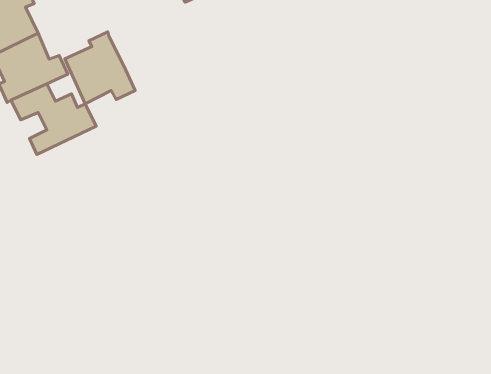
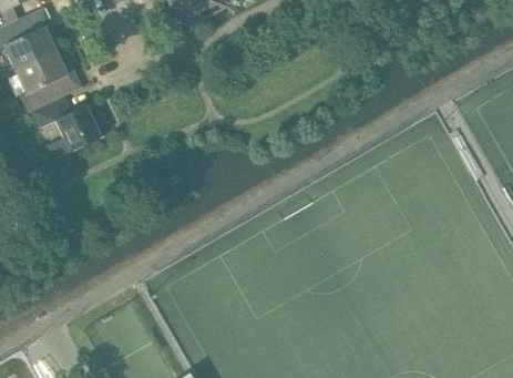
building: [65,32,135,104] -> none

